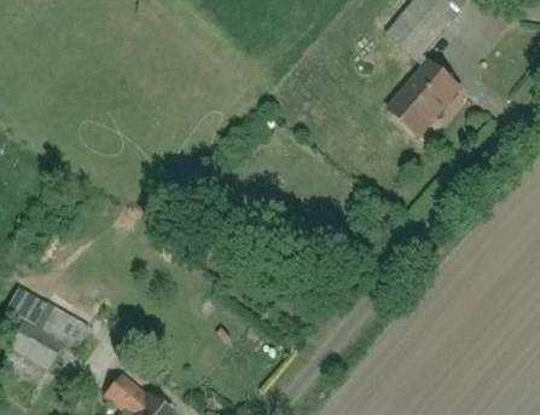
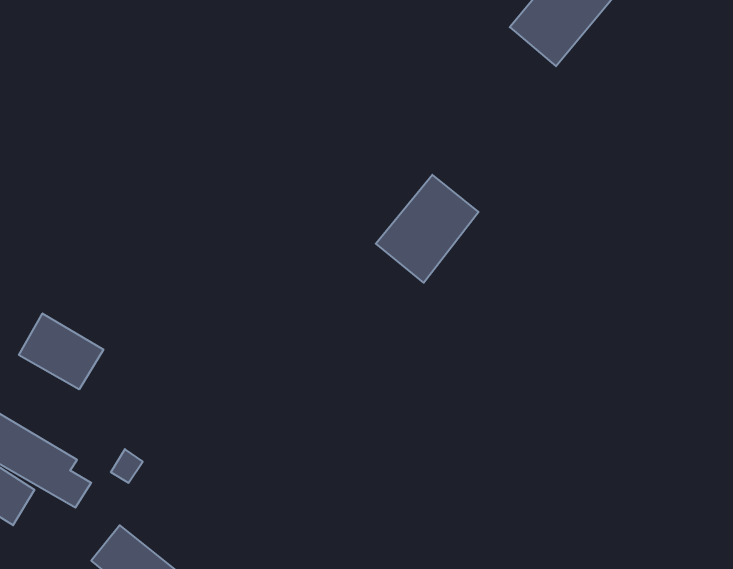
building: [389,62,459,136] -> [376,175,479,283]
building: none -> [19,313,103,389]

